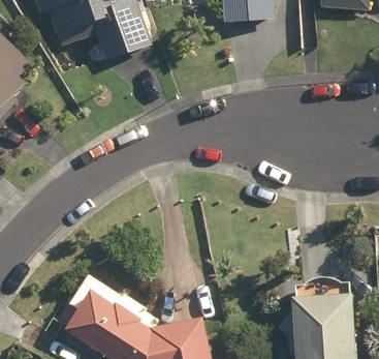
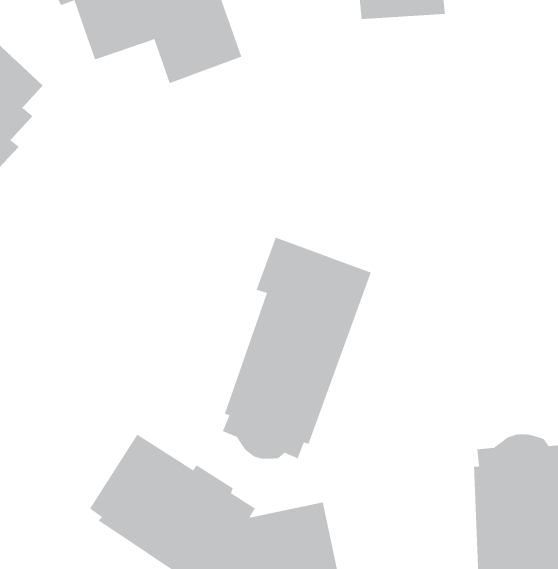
building: none -> [222,237,371,460]

